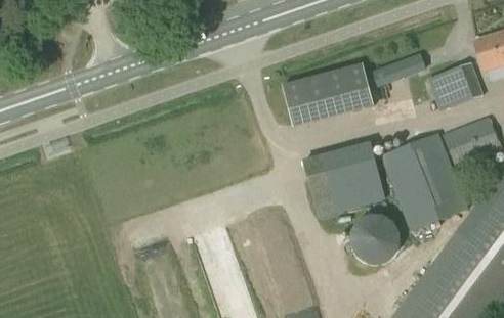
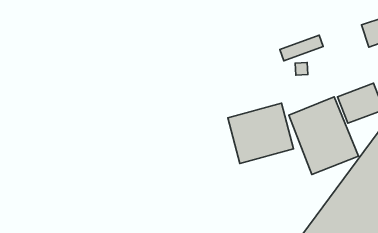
building: [428,61,485,109] -> none
building: [283,63,373,123] -> none
building: [351,214,401,263] -> none

